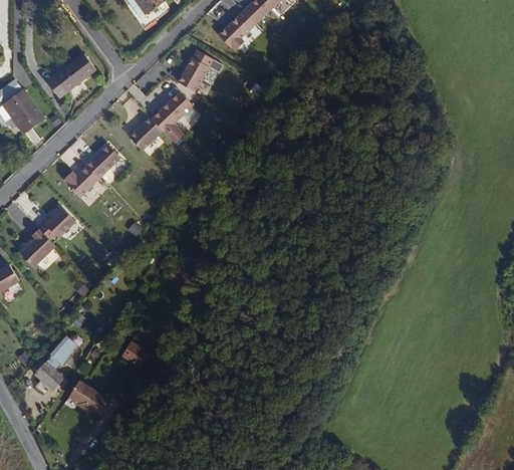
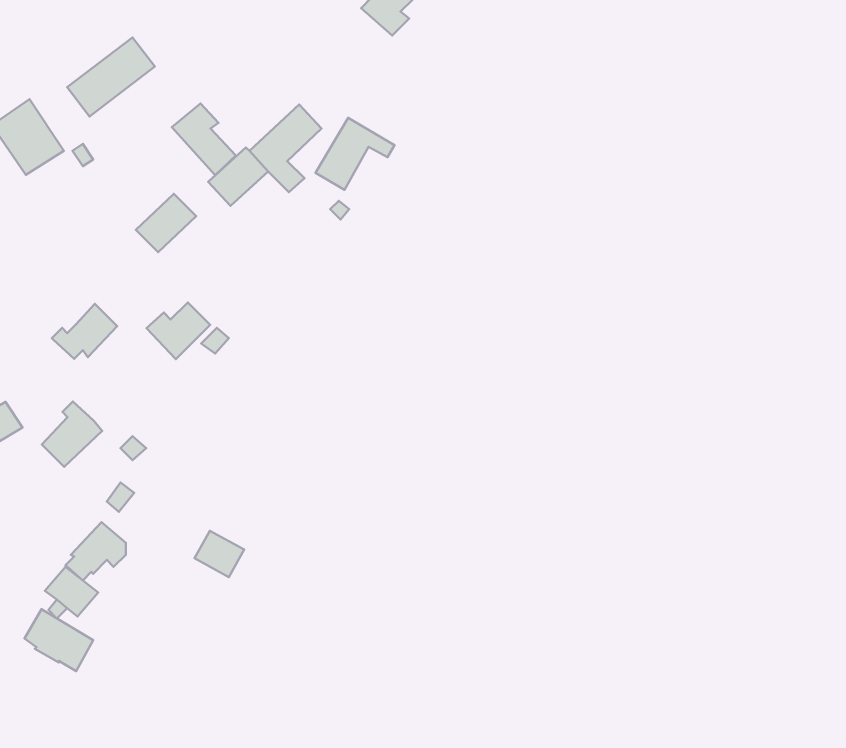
building: [177,49,223,91] -> [315,118,394,190]
building: none -> [172,103,236,175]
building: [62,165,99,198] -> [147,302,210,359]
building: [20,229,55,267] -> [42,402,102,467]
building: [70,381,110,417] -> [24,609,93,671]

